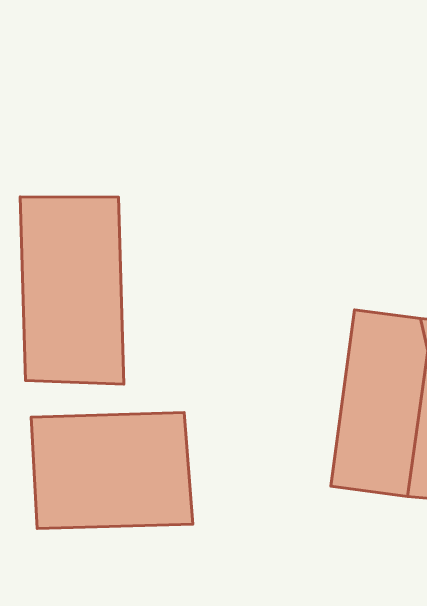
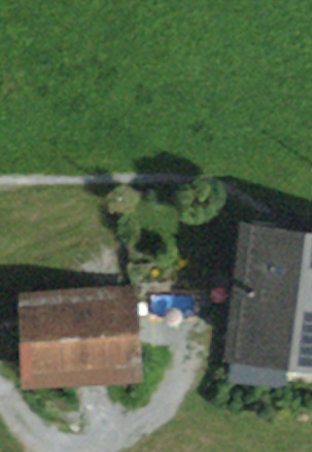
building: [20,197,124,384] -> none

